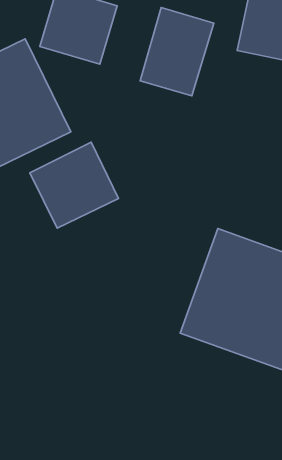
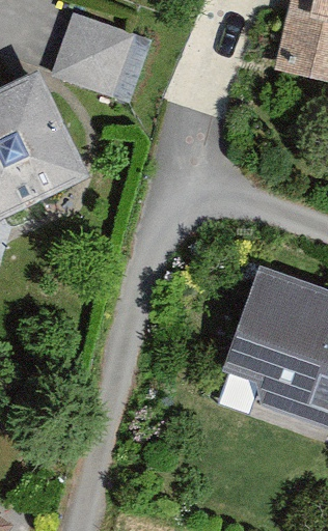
building: [140,8,214,96] -> none
building: [30,142,119,228] -> none

